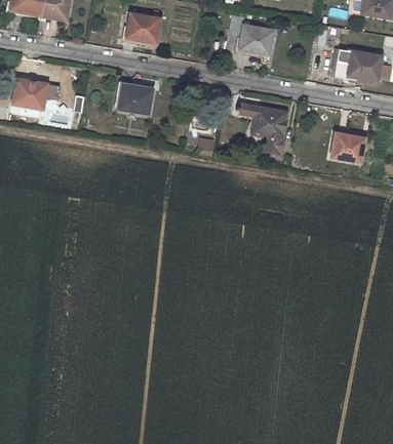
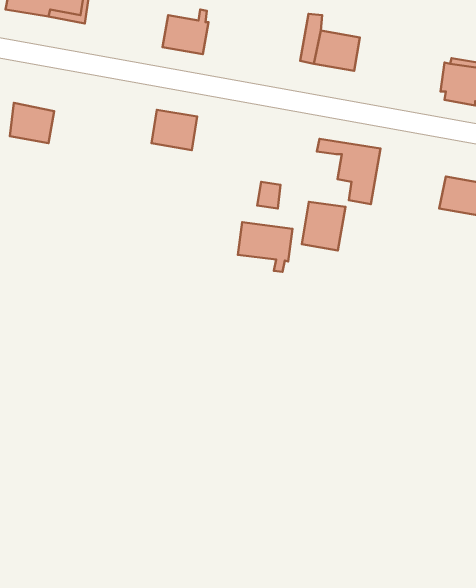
building: none -> [302,202,346,250]
building: none -> [238,222,292,272]

